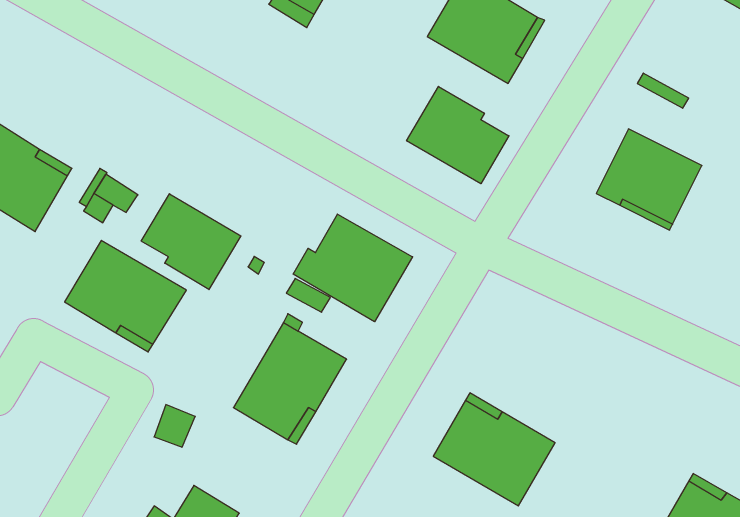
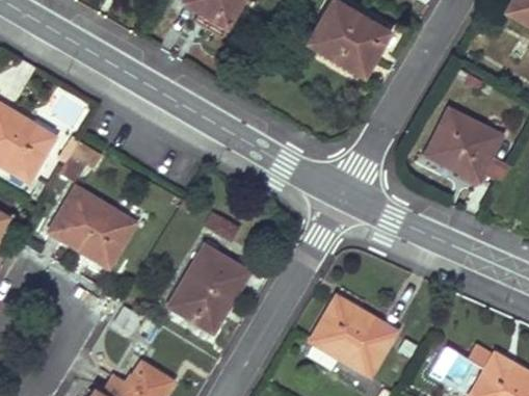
building: [407,86,509,184] -> none
building: [141,194,241,290] -> none
building: [293,214,413,322] -> none

